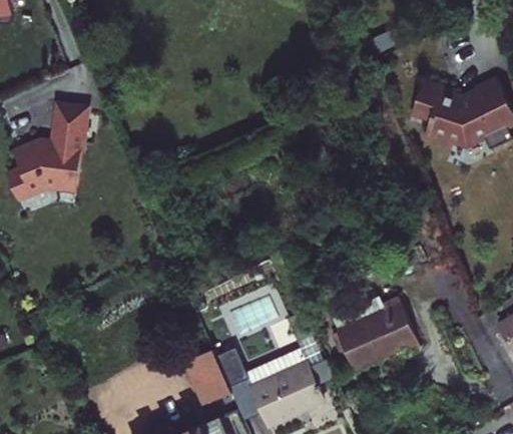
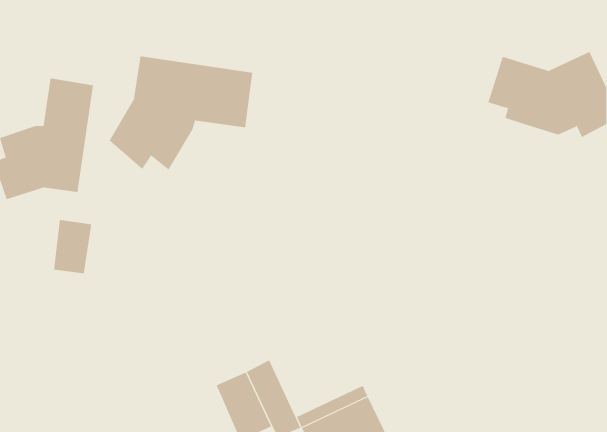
building: none -> [109,55,253,170]
building: none -> [53,219,92,274]
building: [339,297,422,371] -> none

